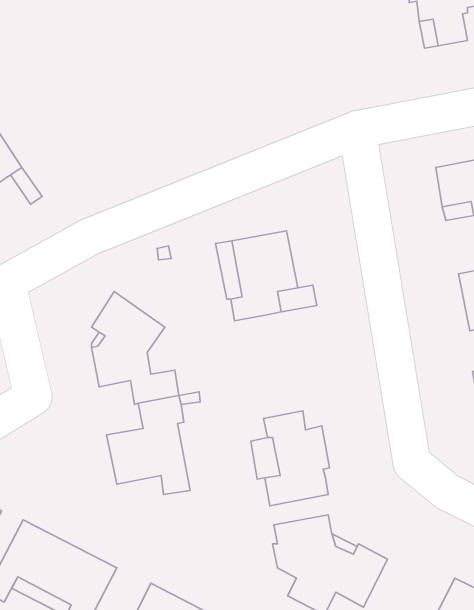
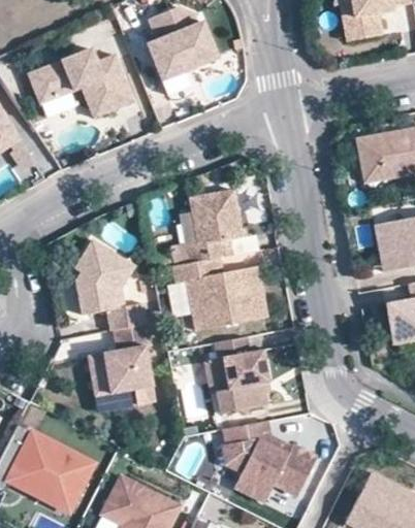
building: none -> [149,7,218,80]
building: none -> [29,48,135,118]
building: none -> [174,258,267,330]

